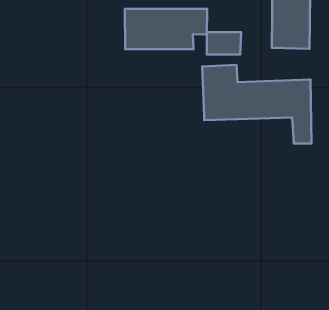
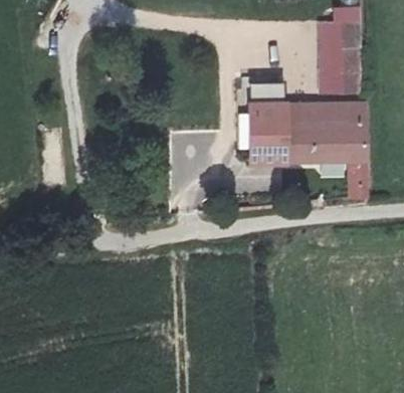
building: [125,9,207,49] -> none
building: none -> [282,100,363,125]

